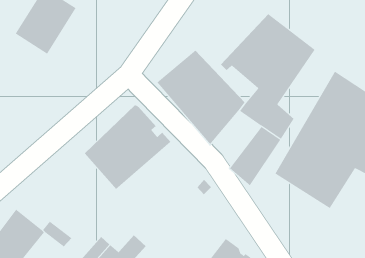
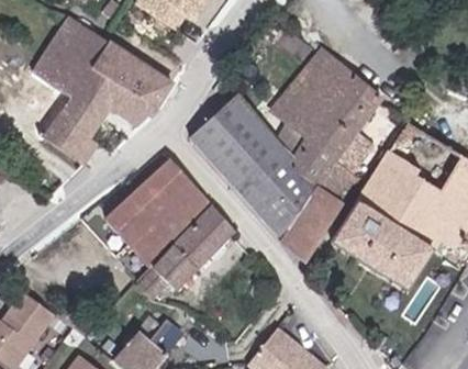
building: none -> [40,44,168,166]
building: none -> [261,168,323,237]
building: none -> [140,208,238,297]

